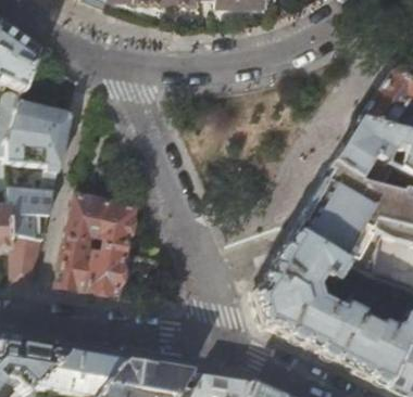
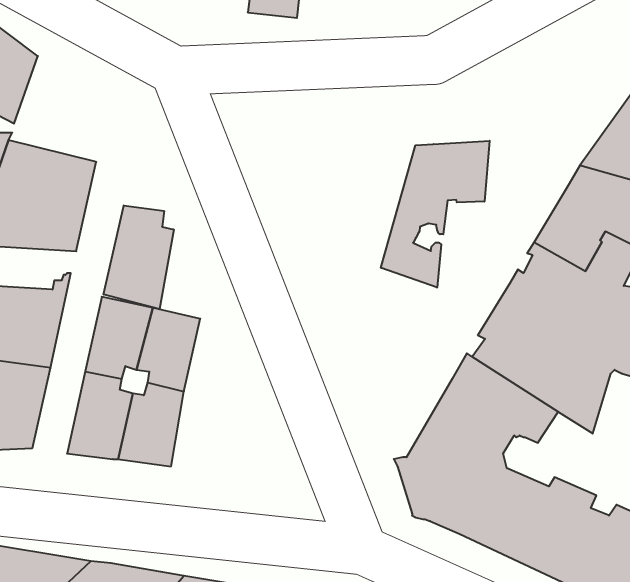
building: none -> [381,141,490,288]
building: none -> [104,205,174,309]

